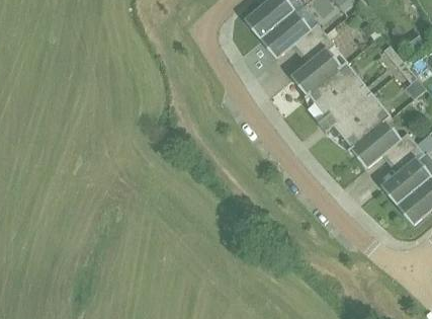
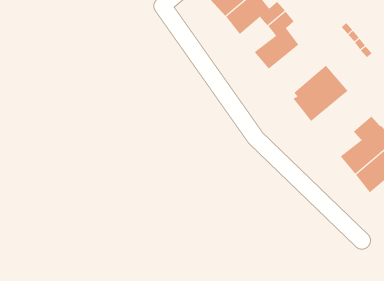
building: [308,61,368,117] -> none
building: [352,121,416,166] -> none

